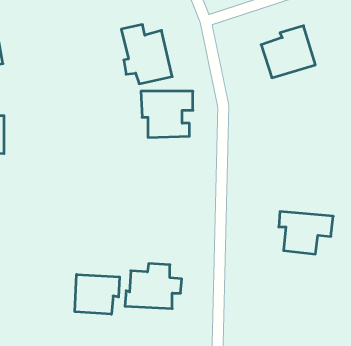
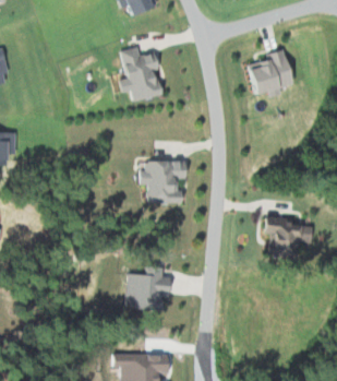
building: [141,91,193,137] -> [141,162,189,204]
building: [75,274,120,314] -> none

